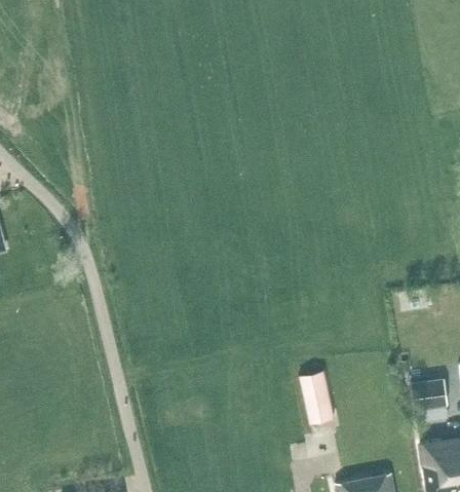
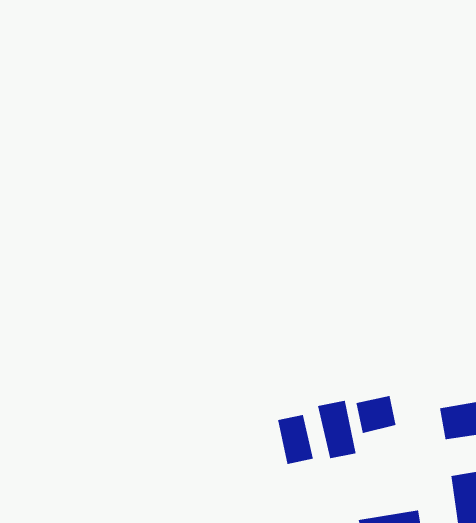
building: none -> [356,395,396,434]
building: none -> [277,414,314,465]

